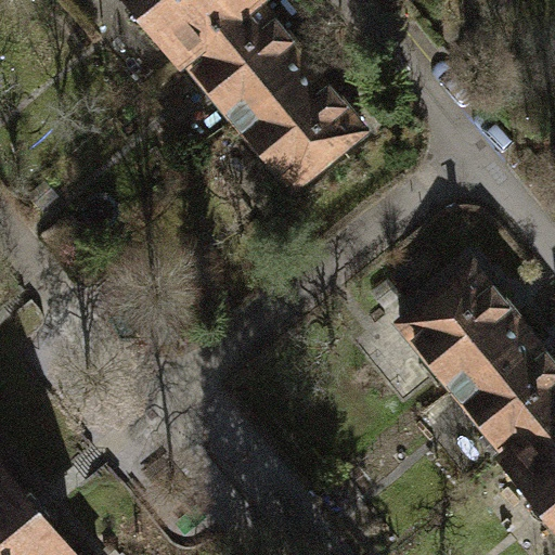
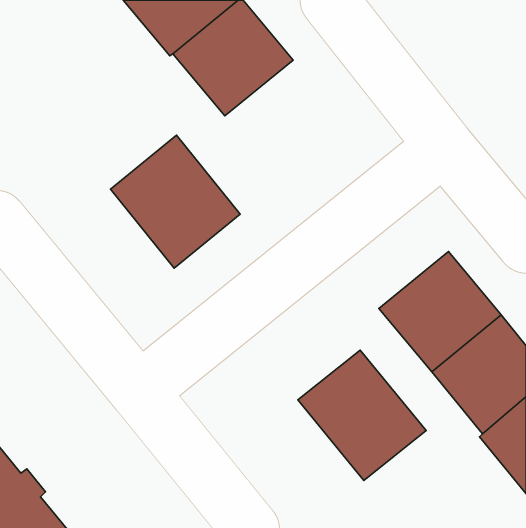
building: [235,64,361,189] -> none
building: none -> [110,135,240,268]
building: none -> [298,350,426,480]

